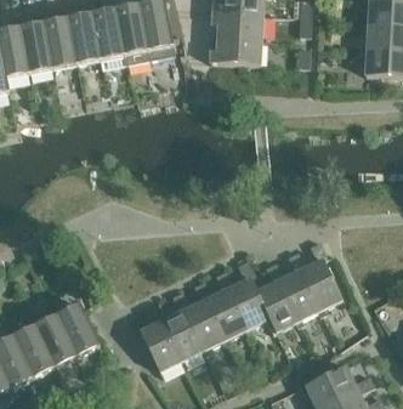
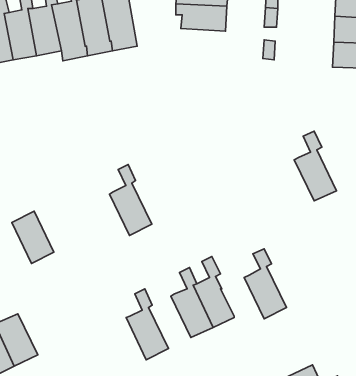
building: [210,36,261,64] -> none
building: [301,240,342,308] -> [294,131,337,201]
building: [256,261,299,330] -> none
building: [186,279,227,348] -> [110,164,152,235]
building: [140,301,183,370] -> none
building: [58,303,100,354] -> [12,211,54,263]

